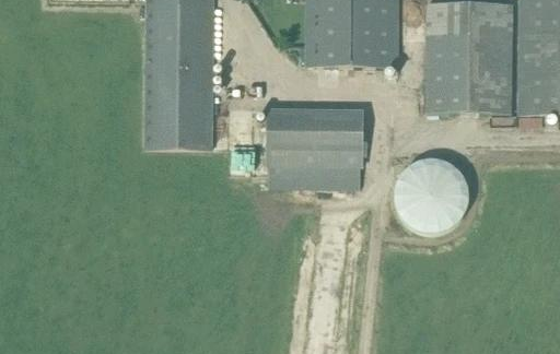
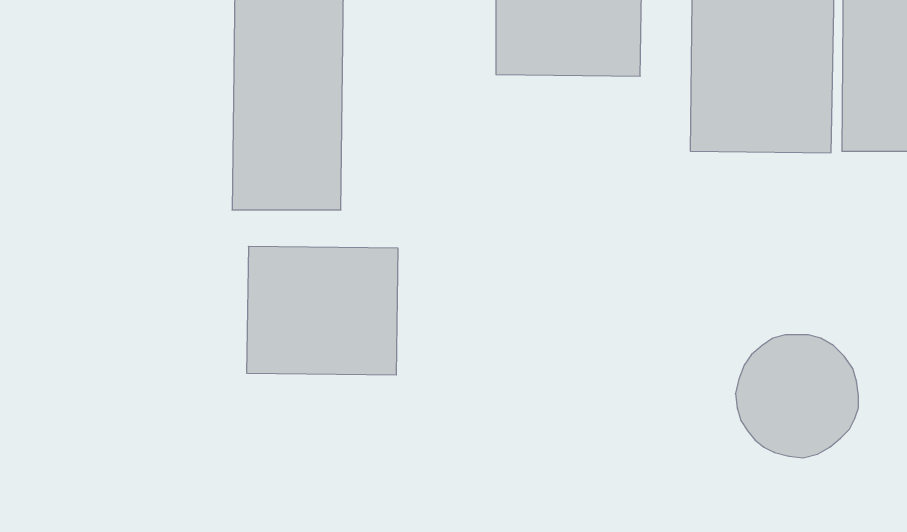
building: [269,110,362,189] -> [247,246,398,375]
building: [394,160,469,235] -> [735,335,858,458]

